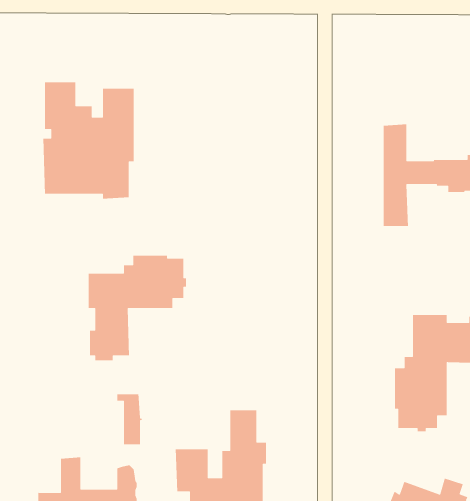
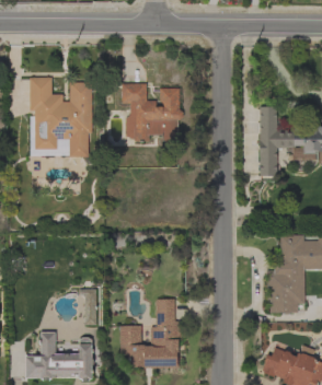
building: none -> [123,83,184,144]
building: [88,255,187,361] -> none

